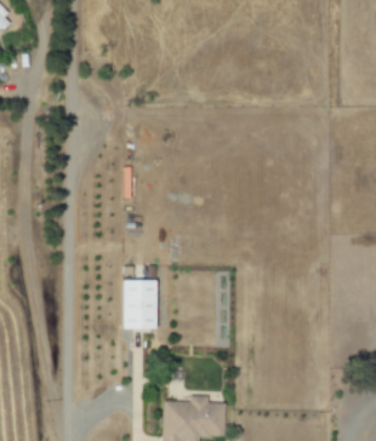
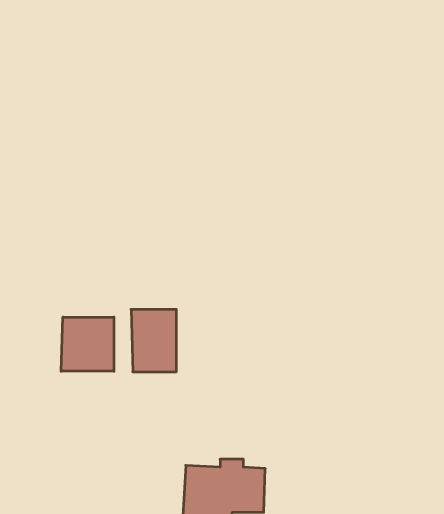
building: none -> [61,317,114,371]

